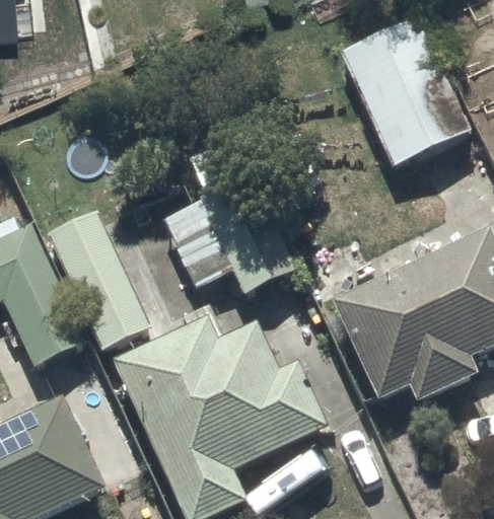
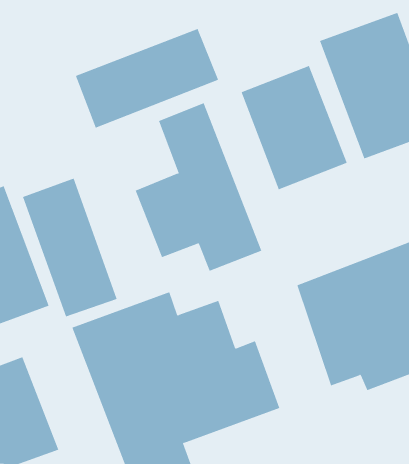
building: none -> [75,28,219,128]
building: none -> [241,65,347,190]

